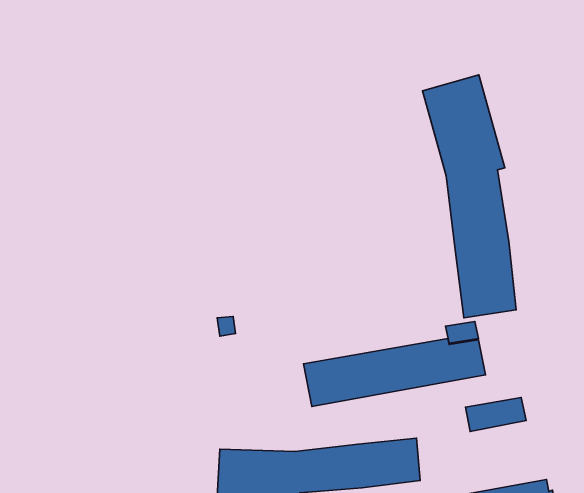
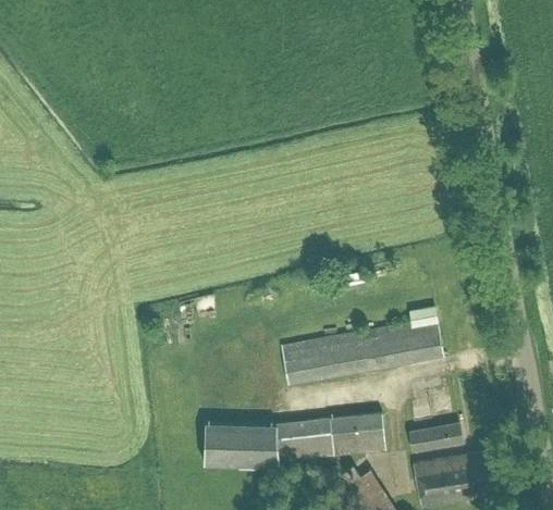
building: [423,75,516,318] -> none
building: [465,397,526,431] -> [408,423,463,453]

